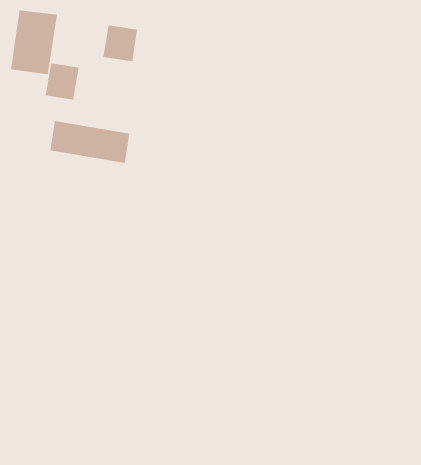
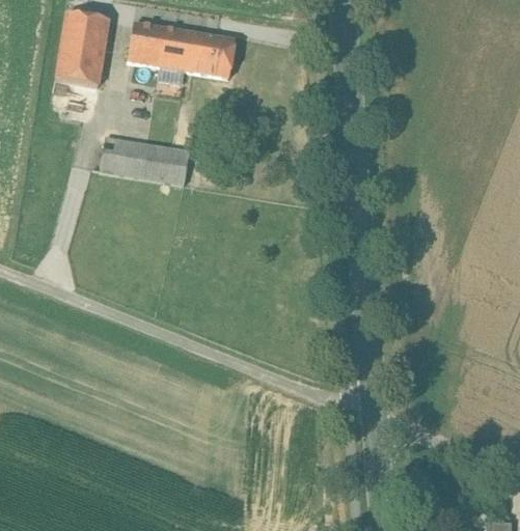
building: none -> [193,34,237,77]
building: [45,63,79,100] -> [127,24,165,65]

